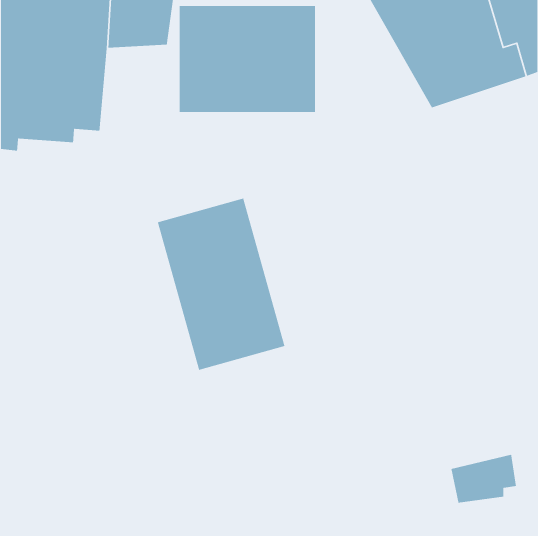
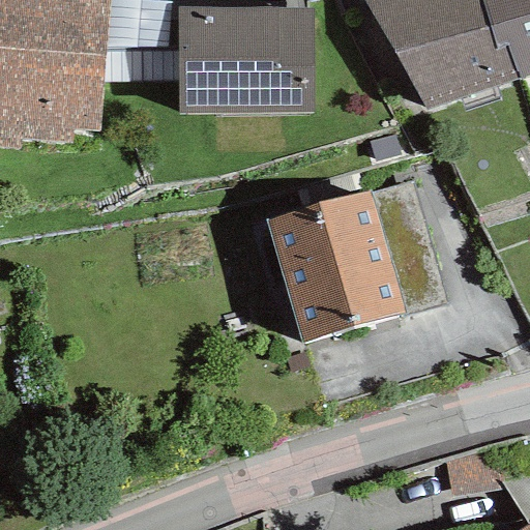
building: none -> [264,179,445,342]
building: [157,197,286,371] -> none

